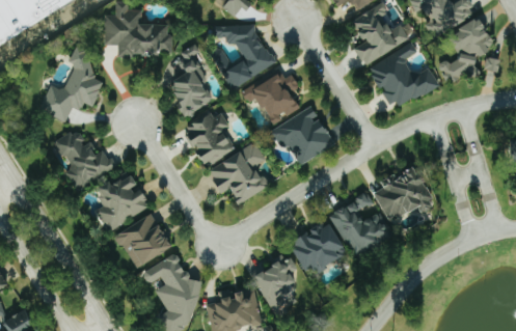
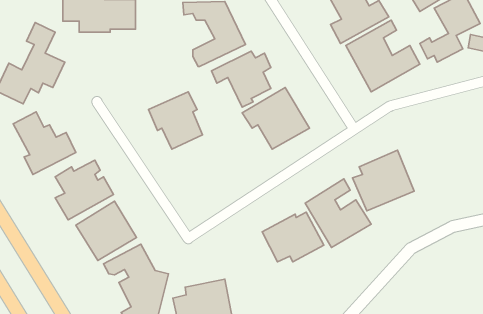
building: [169,45,213,117] -> none
building: [208,143,267,203] -> none
building: [254,252,297,311] -> none

